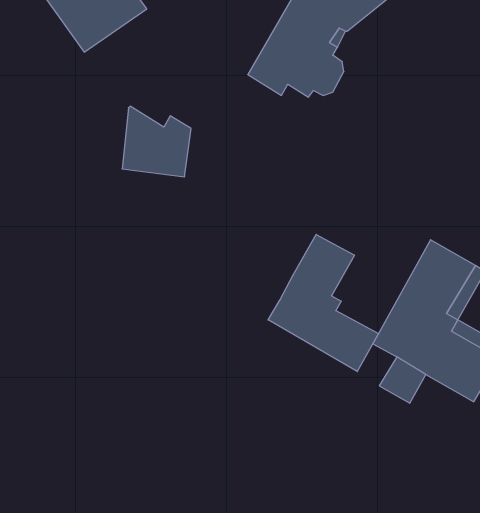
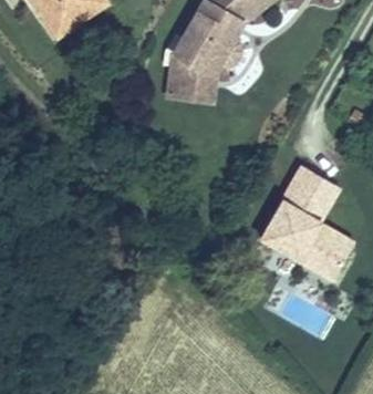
building: [122,106,191,177] -> [168,52,216,101]
building: [268,234,379,372] -> none

